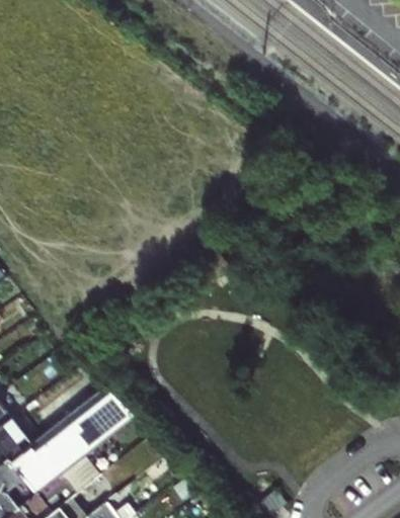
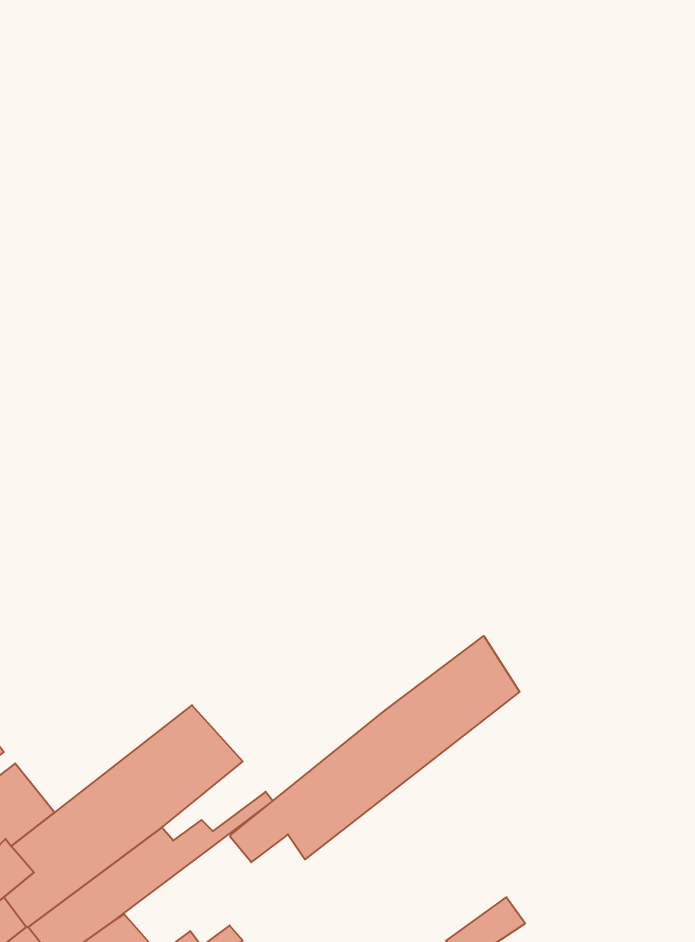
building: none -> [230,636,519,862]

